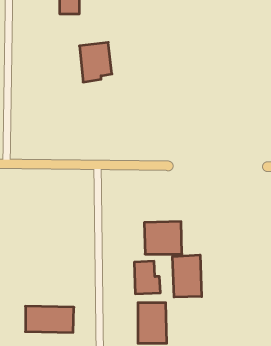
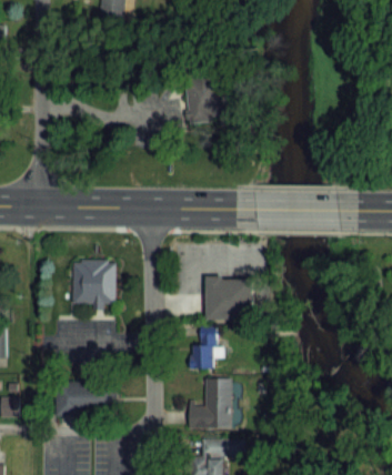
building: [79,42,112,82] -> [183,74,223,123]
building: none -> [71,262,114,303]
building: [173,255,202,297] -> none

